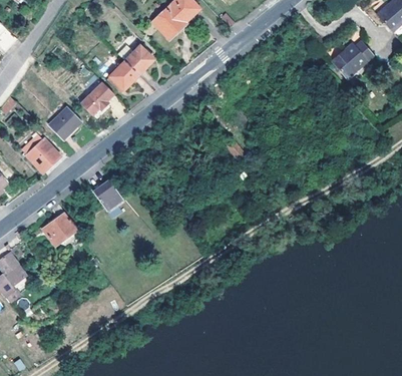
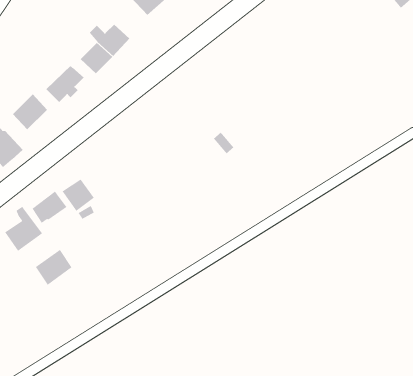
building: [333,43,372,78] -> none
building: none -> [31,191,67,224]
building: none -> [35,249,73,286]

